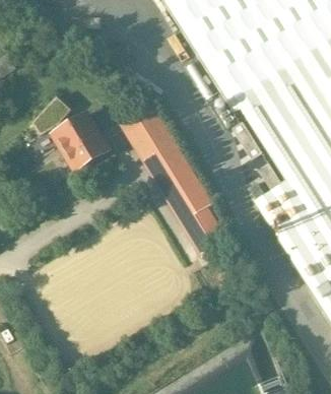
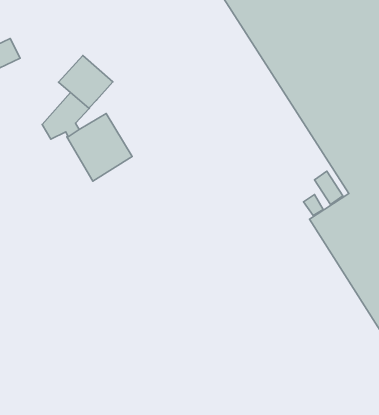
building: none -> [58,55,113,109]
building: [124,109,227,257] -> none

